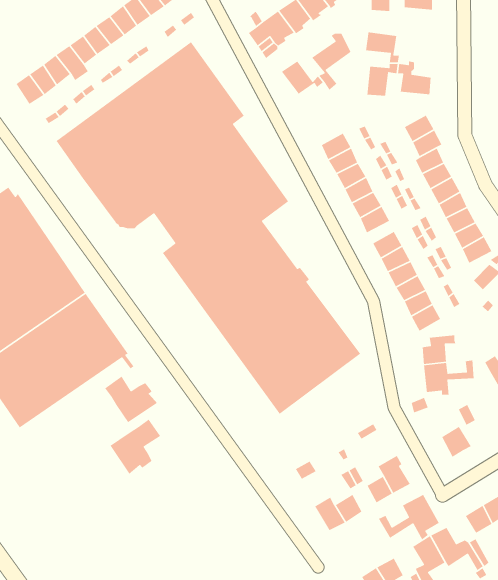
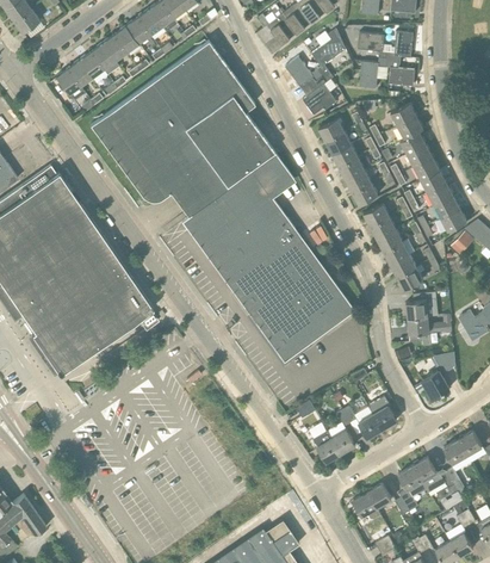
building: none -> [383,31,414,60]
building: none -> [302,75,337,115]
building: [104,375,158,423] -> none
building: [109,419,161,475] -> none
building: [378,494,440,540] -> none

